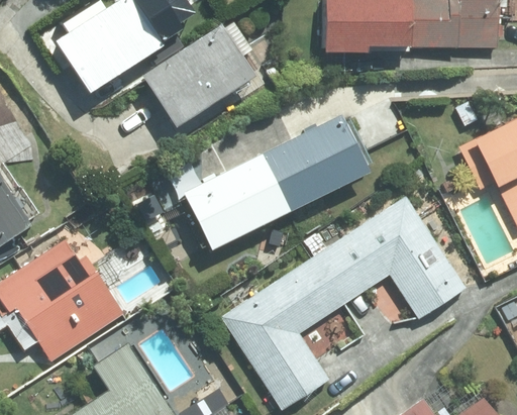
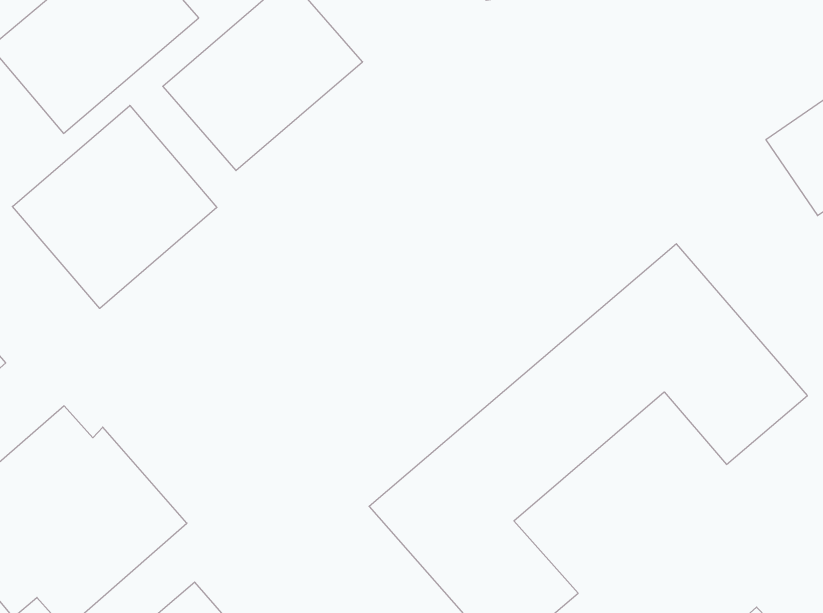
building: none -> [12,105,217,308]
building: [181,114,369,250] -> none

